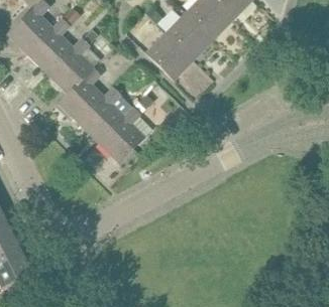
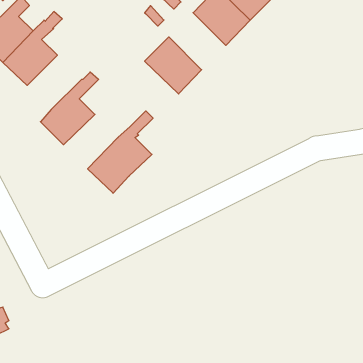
building: [166,11,213,58] -> none
building: [47,27,98,92] -> none
building: [78,86,123,141] -> none

